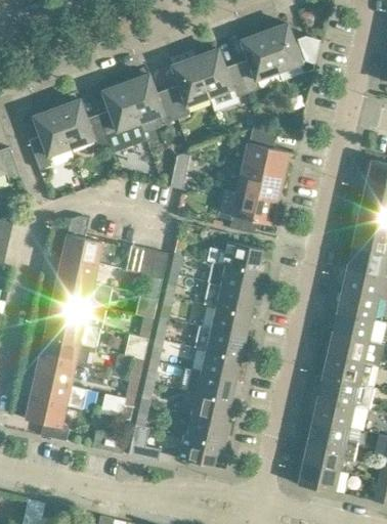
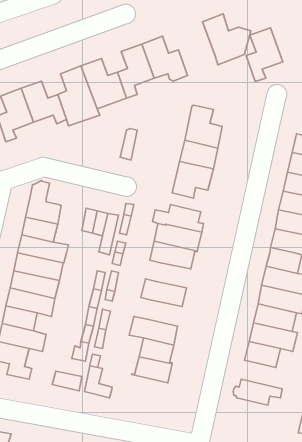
building: [235,32,277,93] -> [246,28,283,82]
building: [210,307,250,336] -> none
building: [200,350,240,380] -> none
building: [304,419,357,451] -> none
building: [177,435,223,466] -> none
building: [295,462,338,492] -> none

